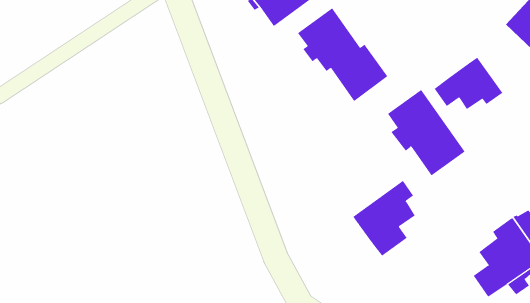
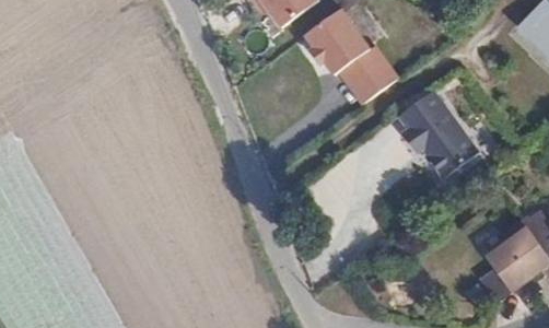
building: [434,57,503,110] -> none
building: [353,180,415,256] -> none

